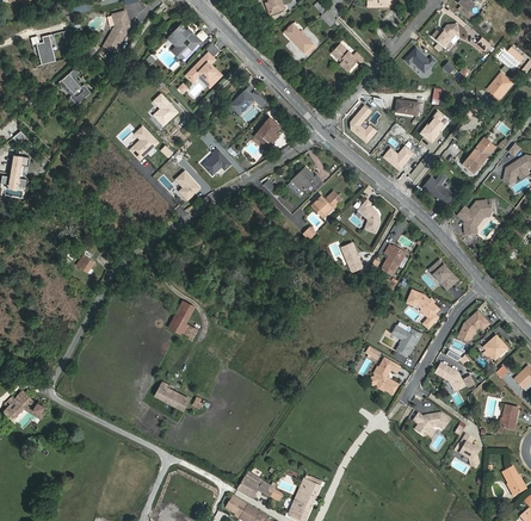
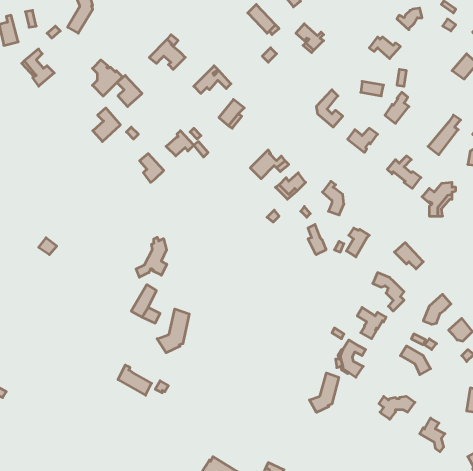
building: [172,25,202,61] -> [92,60,122,96]
building: none -> [136,237,167,277]
building: none -> [157,309,189,353]
building: none -> [309,373,339,412]

